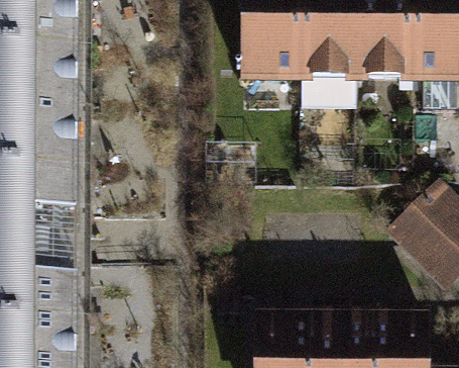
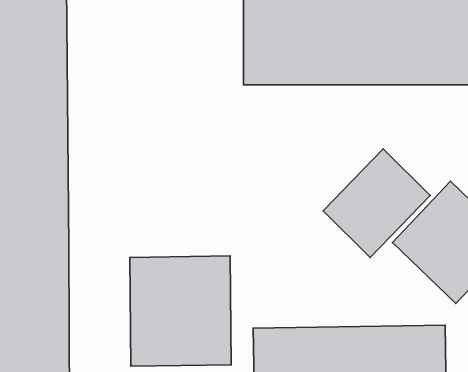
building: none -> [323,149,430,258]
building: none -> [130,256,231,366]

